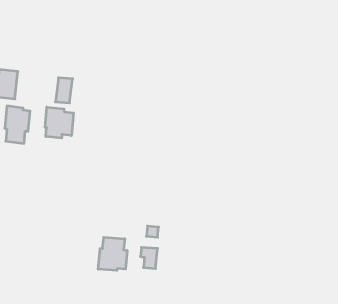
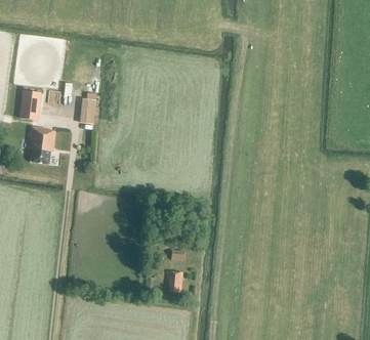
building: [45,107,74,138] -> none
building: [98,237,127,270] -> none

